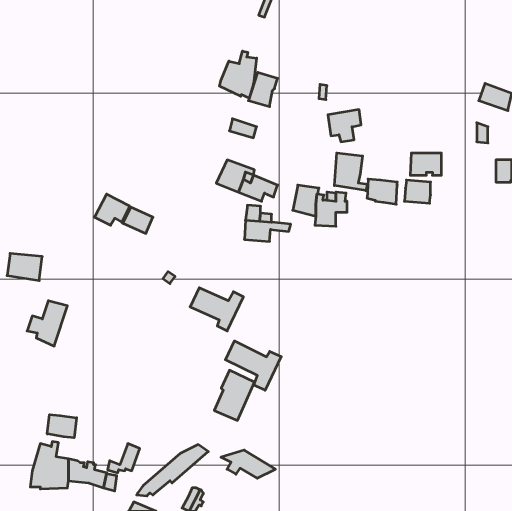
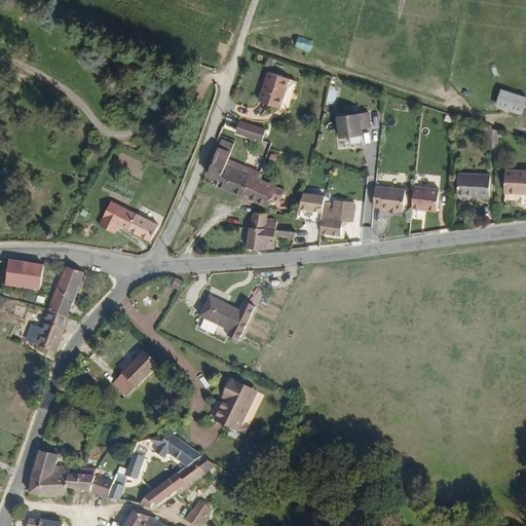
building: [219,51,257,98] -> none
building: none -> [204,140,232,187]
building: [334,153,367,191] -> none
building: [410,153,441,175] -> [458,168,490,191]
building: none -> [49,262,83,312]
building: [225,341,281,390] -> none
building: none -> [113,352,157,399]
building: [47,415,77,438] -> none
building: [221,450,275,478] -> [147,435,202,463]

